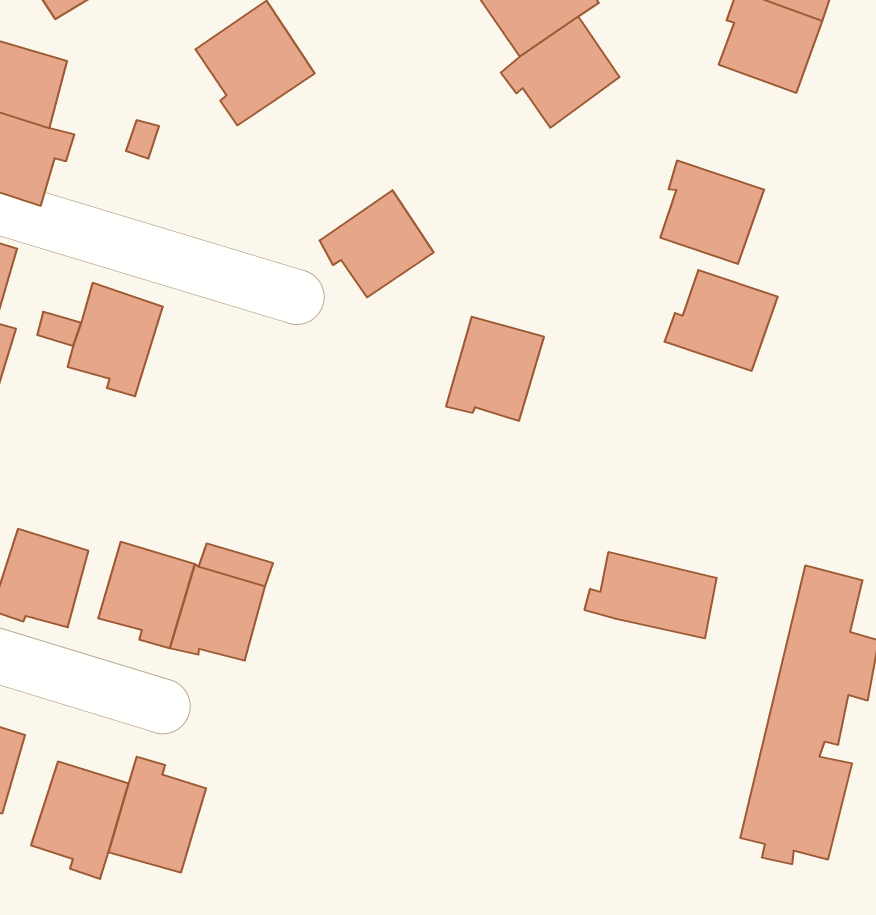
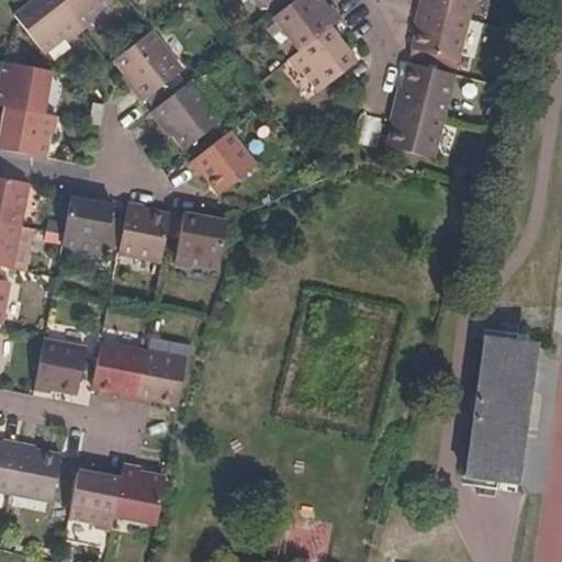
building: none -> [157,82,228,149]
building: [664,270,778,371] -> [395,58,457,112]
building: none -> [120,203,169,262]
building: [446,317,544,421] -> [175,214,226,270]
building: [585,552,717,638] -> none

